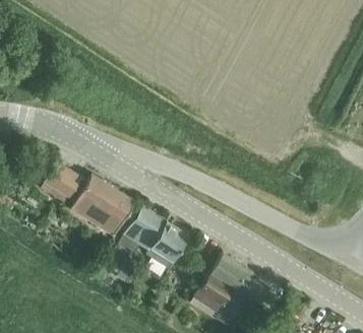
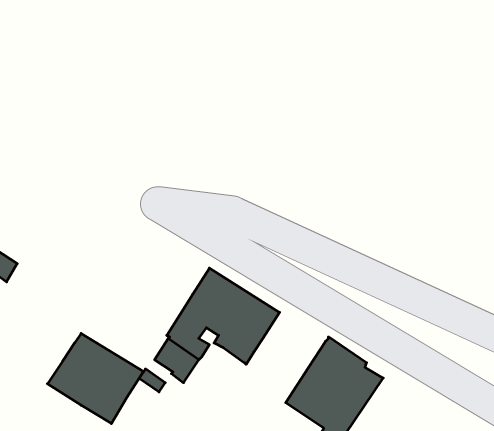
building: [45,163,80,198] -> none
building: [70,178,134,238] -> [47,333,144,424]

